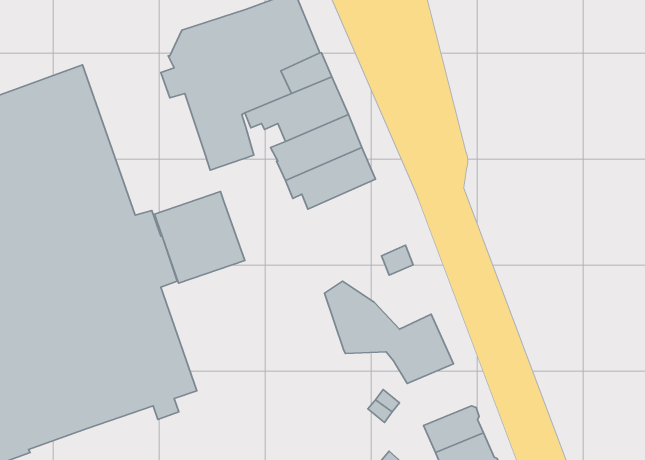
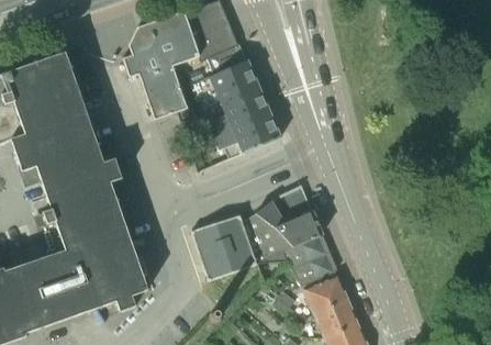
building: [155,192,245,283] -> [191,213,257,280]
building: none -> [255,200,322,246]
building: none -> [303,275,349,316]

